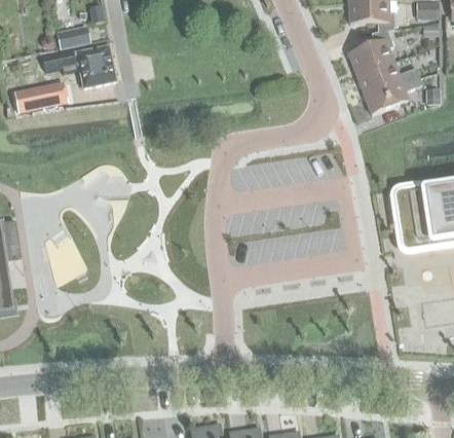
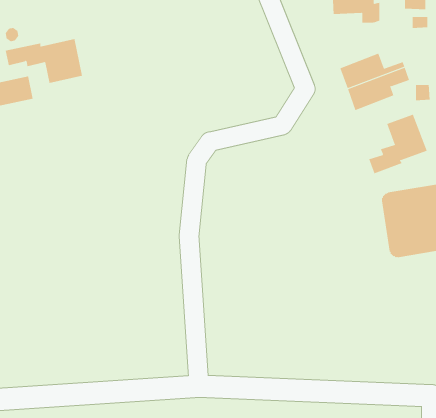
building: [56,24,90,48] -> none
building: [347,30,393,72] -> none
building: none -> [368,114,427,174]

